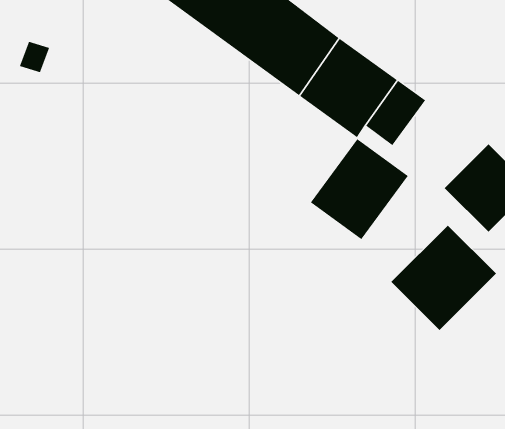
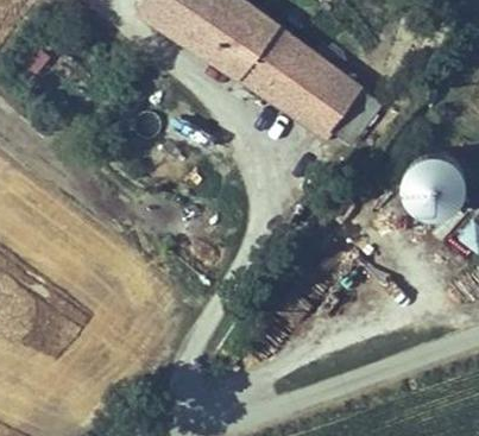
building: [310,138,409,240] -> none
building: [390,225,497,331] -> none

